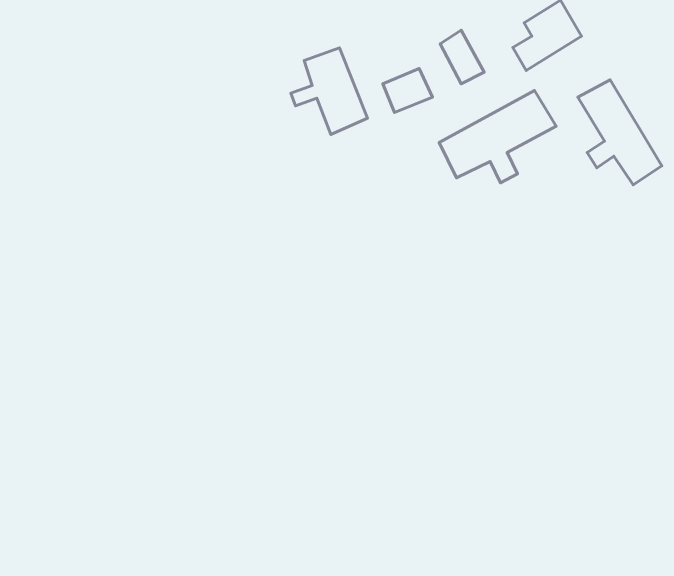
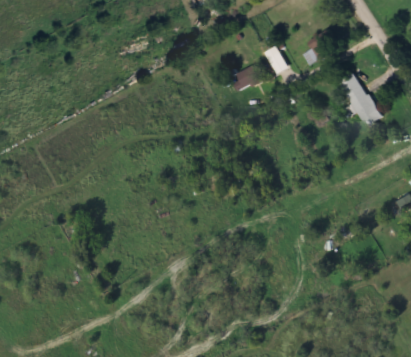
building: [291,48,368,135] -> none
building: [439,91,556,183] -> none

